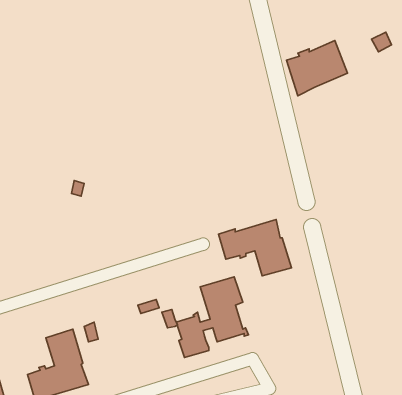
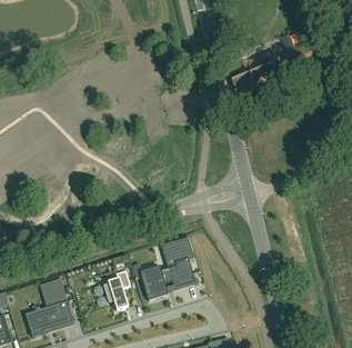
building: [219,220,291,276] -> none
building: none -> [104,269,130,309]

